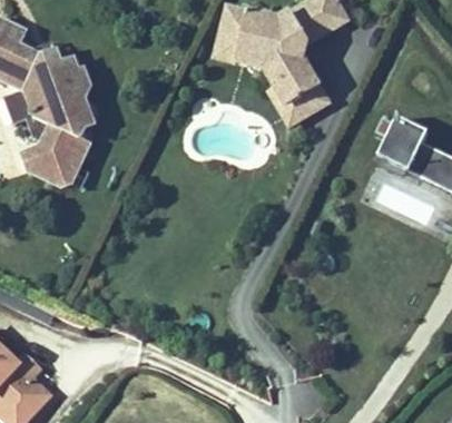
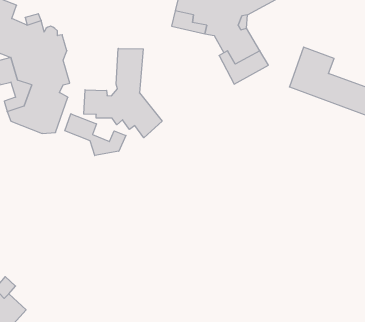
building: none -> [84,48,162,138]
building: none -> [65,114,126,156]

